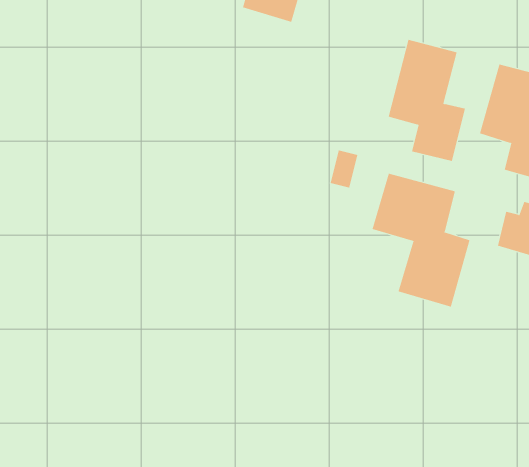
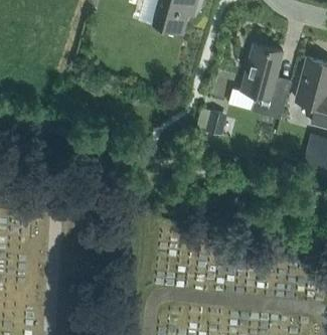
building: [372,173,470,308] -> none

